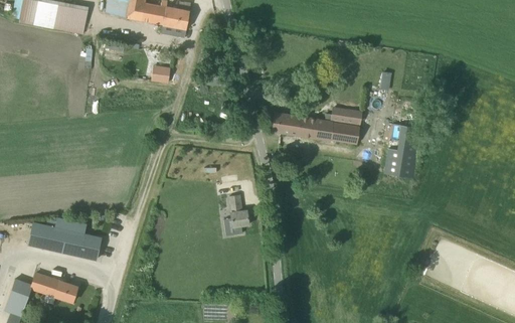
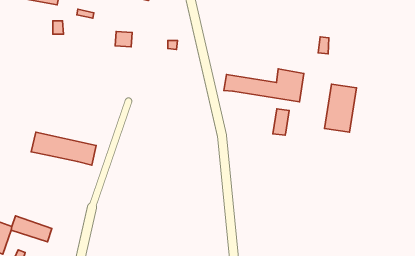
building: none -> [273,109,289,135]
building: [224,195,249,227] -> none
building: [28,222,102,260] -> [31,132,96,165]

